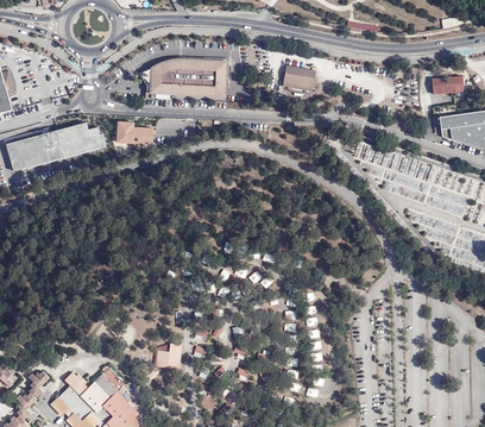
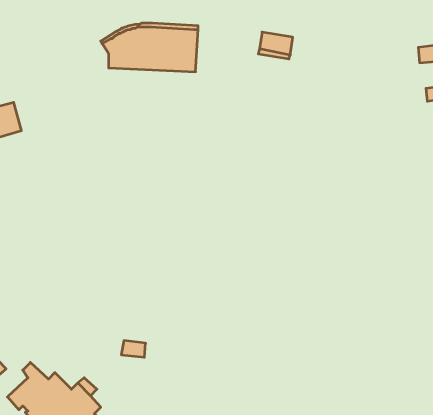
building: [56,123,105,157] -> none
building: [115,123,152,144] -> none

